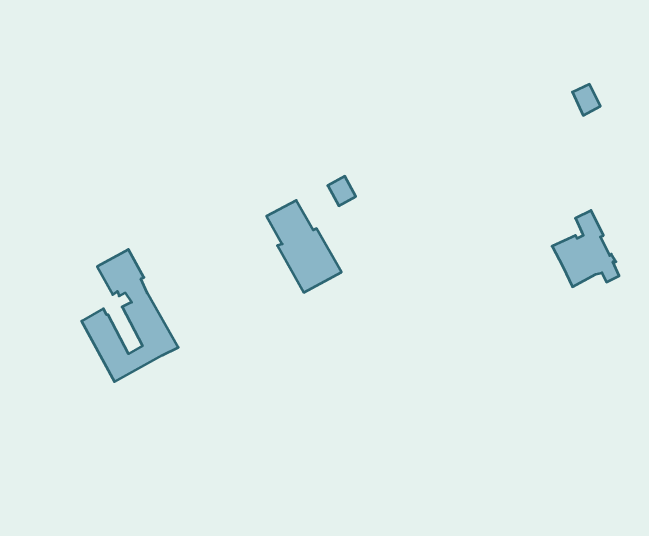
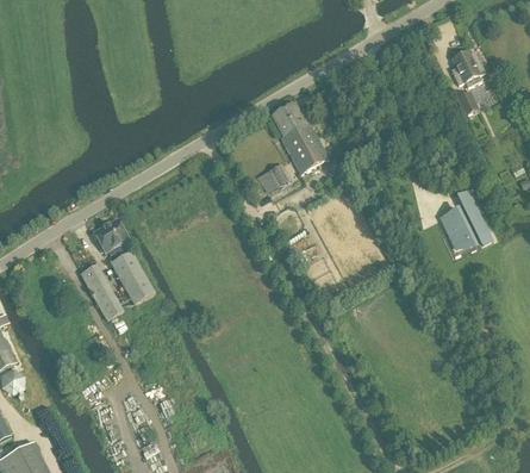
building: none -> [450,51,484,87]
building: [267,200,341,292] -> [270,102,328,173]

